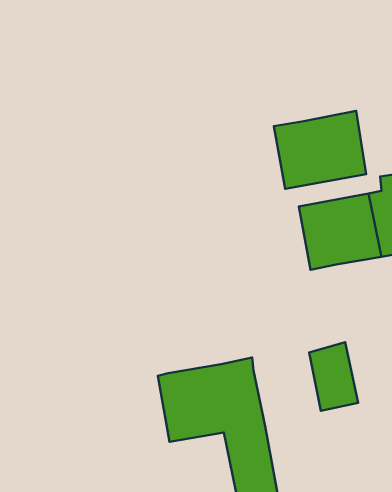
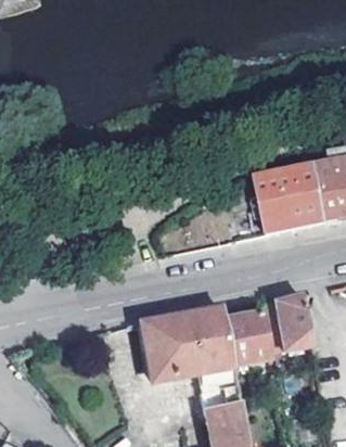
building: [274,111,366,189] -> none
building: none -> [223,309,270,362]

